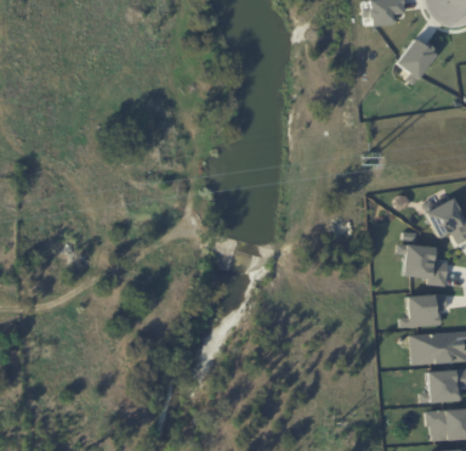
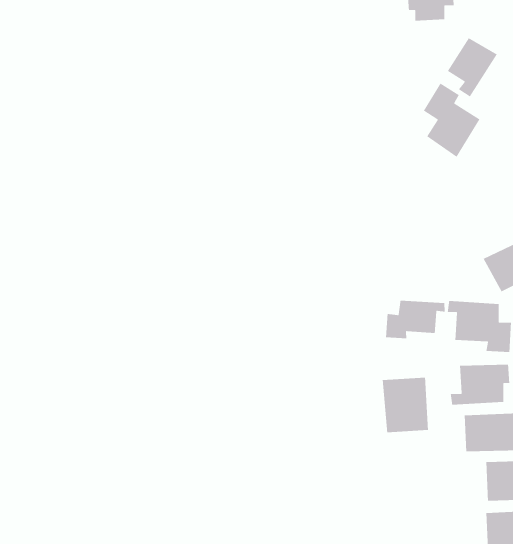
building: none -> [423,82,480,158]
building: none -> [385,300,445,339]
building: none -> [382,377,429,433]

